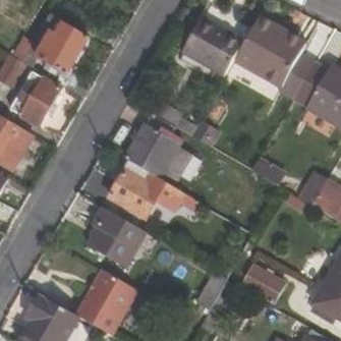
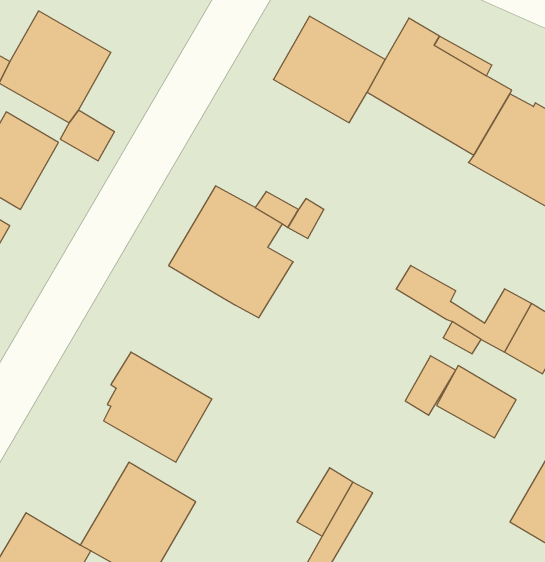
building: [107,166,201,220] -> none
building: [240,263,285,303] -> [437,366,516,438]

